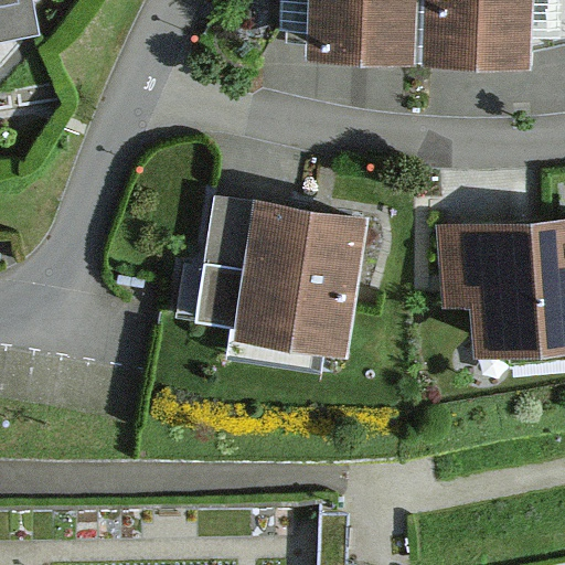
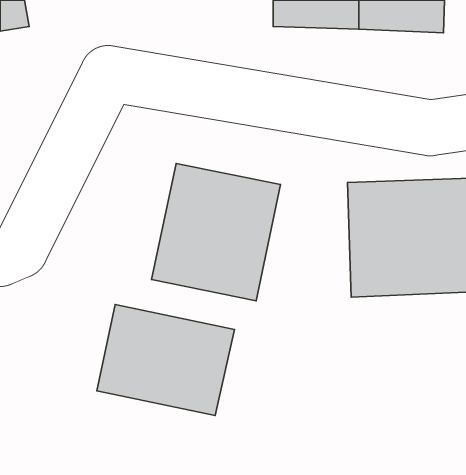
building: none -> [97,305,235,416]

